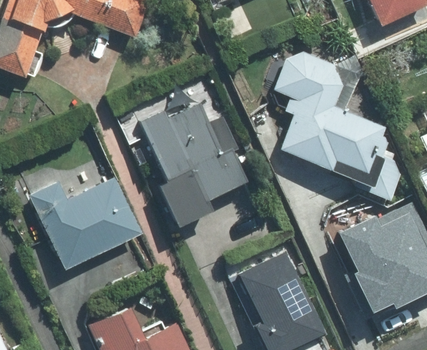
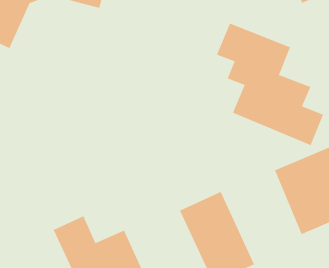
building: [143,100,240,225] -> none
building: [27,178,143,273] -> none

